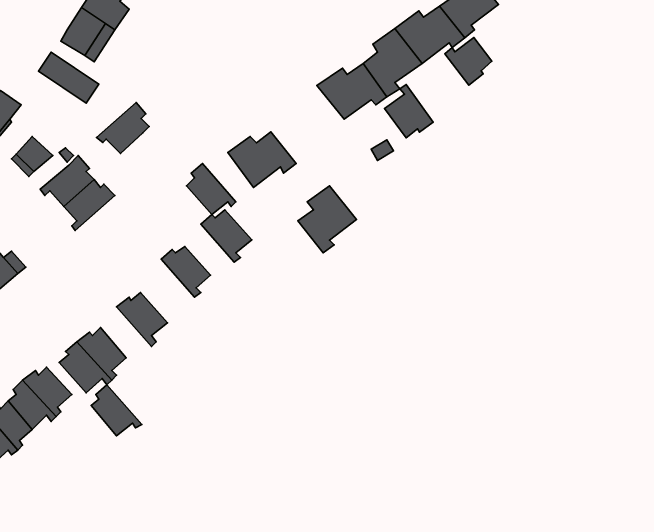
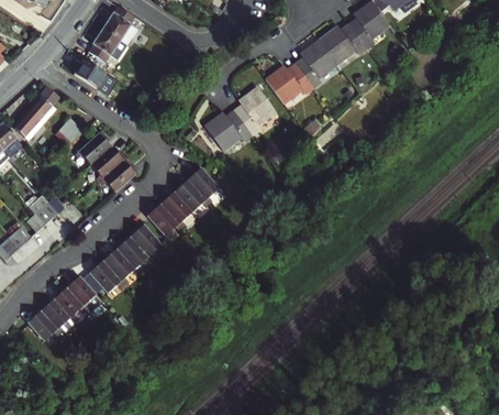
building: [445,38,492,85] -> none
building: [385,85,433,138] -> none
building: [97,103,149,154] -> [98,157,134,193]
building: [187,164,236,215] -> [174,177,208,212]
building: [298,186,357,253] -> [233,89,274,135]
building: none -> [146,201,180,237]
building: [91,385,142,436] -> [115,234,151,270]

